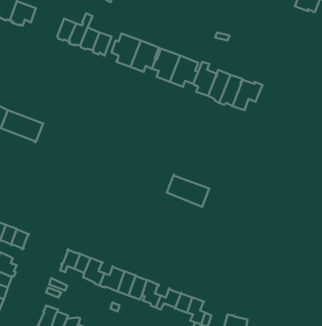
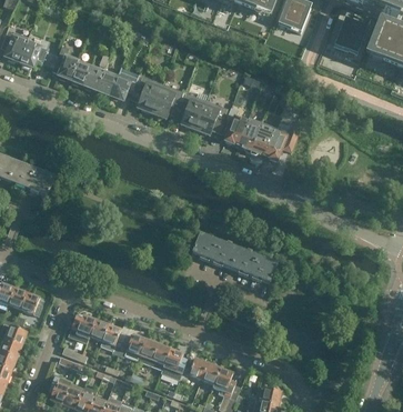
building: none -> [53,44,79,78]
building: none -> [231,245,278,281]

